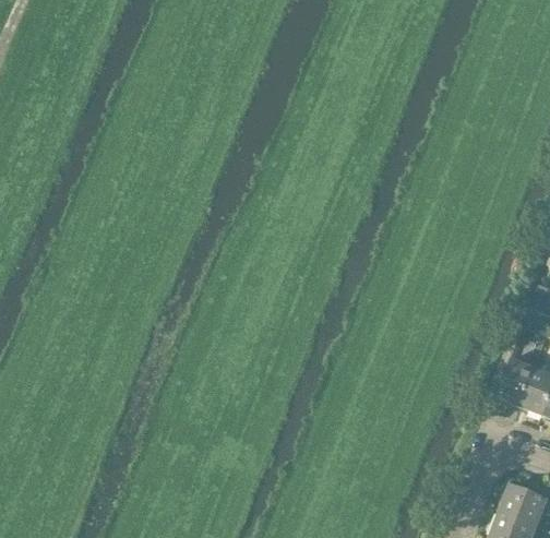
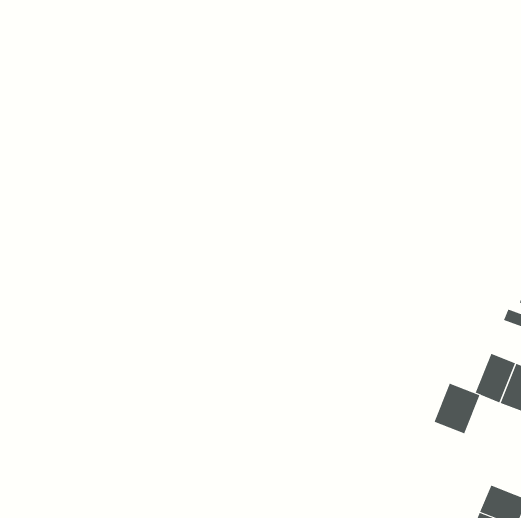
building: none -> [434,383,480,434]

